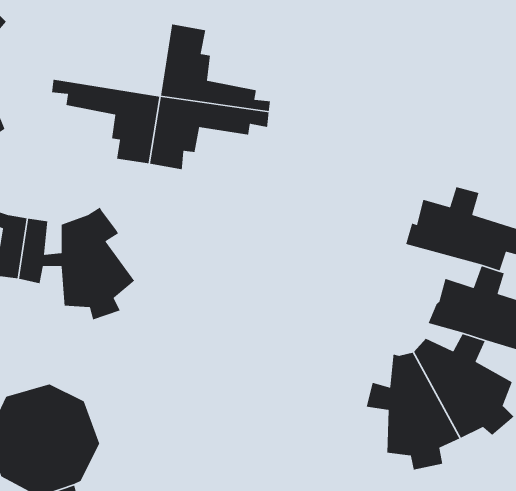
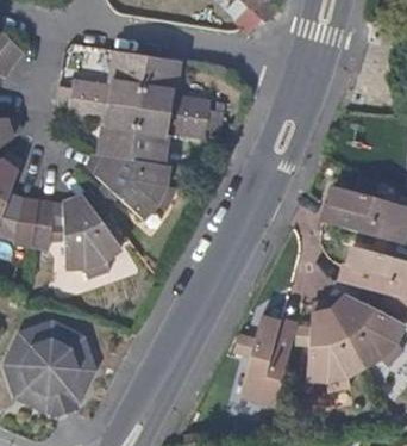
building: none -> [56,49,145,107]
building: none -> [86,153,173,218]
building: none -> [233,317,296,398]

